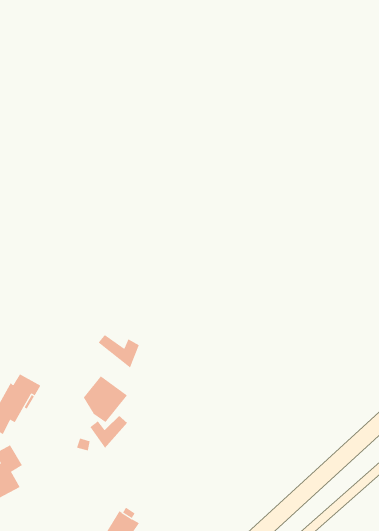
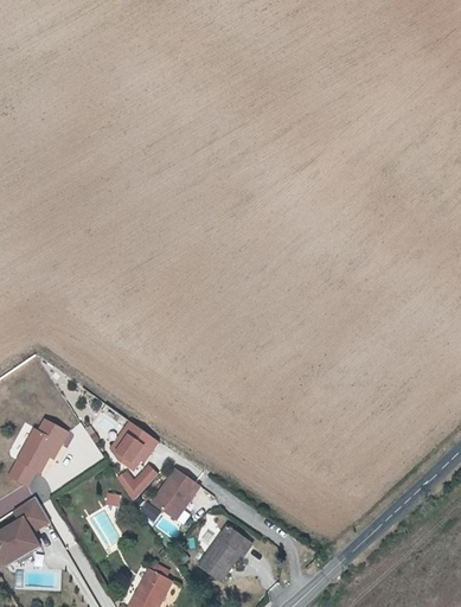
building: [98,334,139,368] -> none
building: none -> [153,469,203,520]
building: none -> [198,524,248,579]

